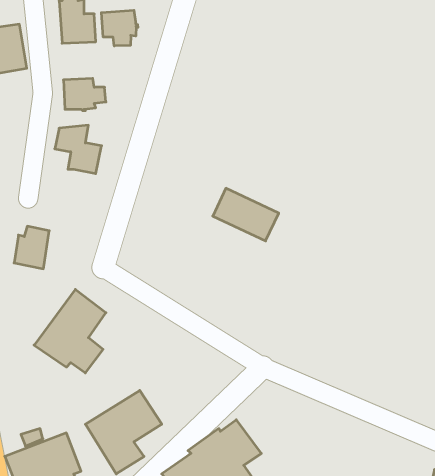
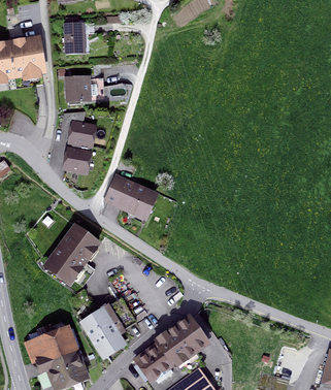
building: [101,10,138,46] -> none
building: [213,188,279,241] -> [107,177,154,215]
building: [14,226,49,269] -> [65,141,90,171]

